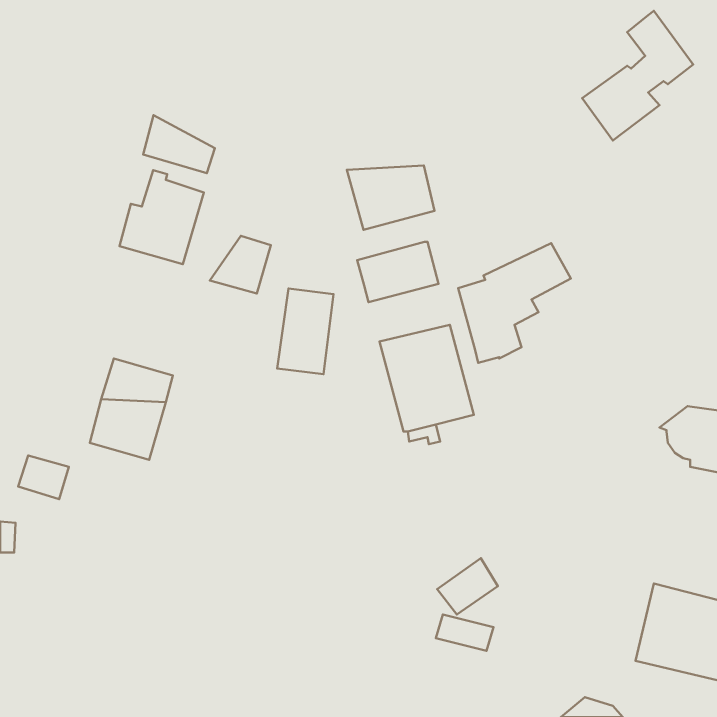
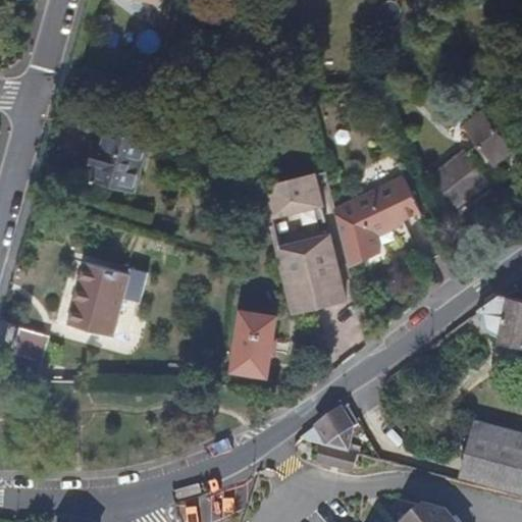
building: [582,11,693,140] -> [434,115,515,209]
building: [143,115,215,173] -> none
building: [347,165,434,230] -> none
building: [210,236,271,293] -> none
building: [277,289,333,374] -> [233,311,274,373]

